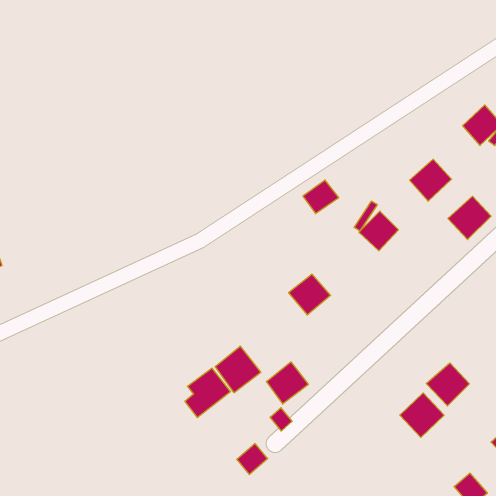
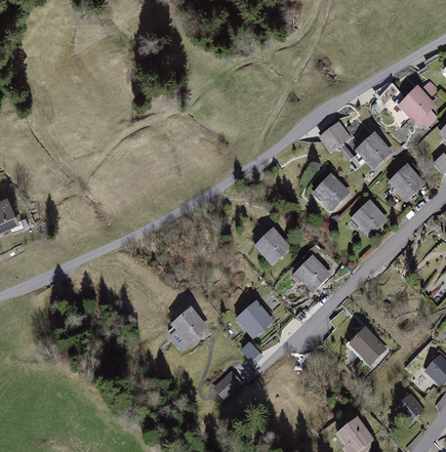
building: [303,180,339,214] -> [317,123,347,151]
building: none -> [354,202,388,235]
building: none -> [296,256,330,290]
building: [215,346,261,393] -> none
building: [426,363,469,406] -> none

